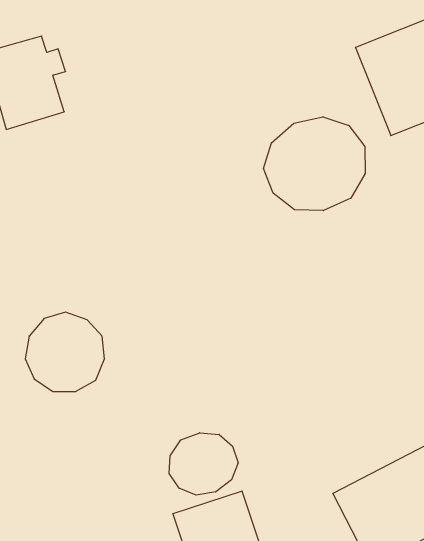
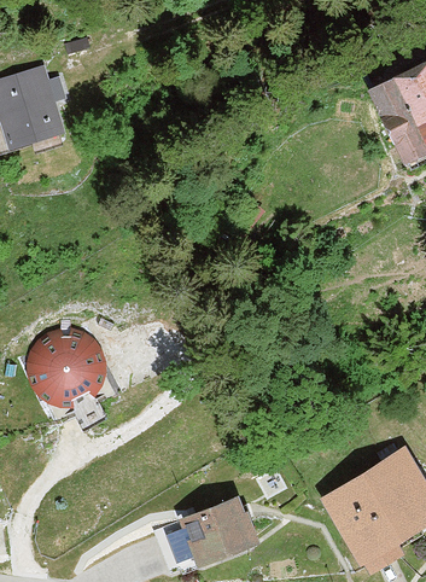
building: [264,117,365,211] -> none
building: [169,433,238,495] -> none

